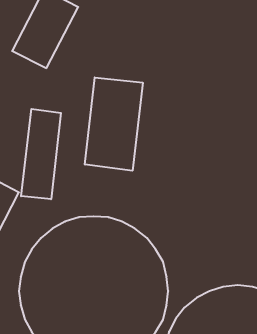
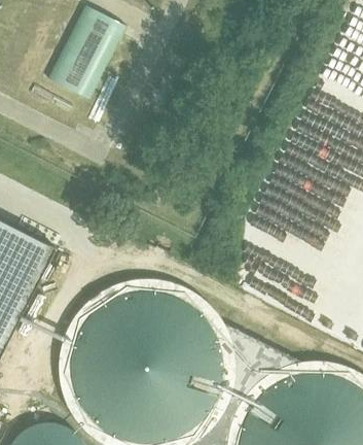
building: [85,77,143,171] -> none
building: [21,109,61,199] -> none

